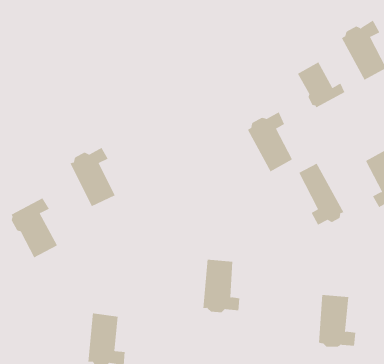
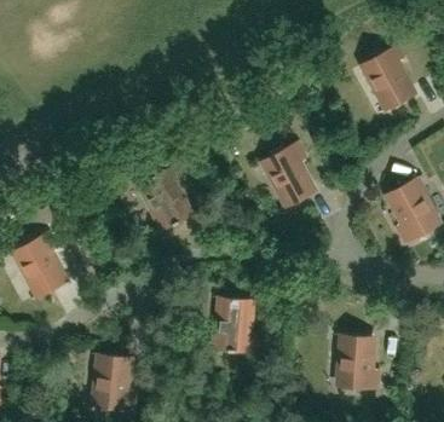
building: [297,61,345,108] -> none
building: [70,147,115,207] -> [140,166,189,229]
building: [298,163,344,225] -> none

